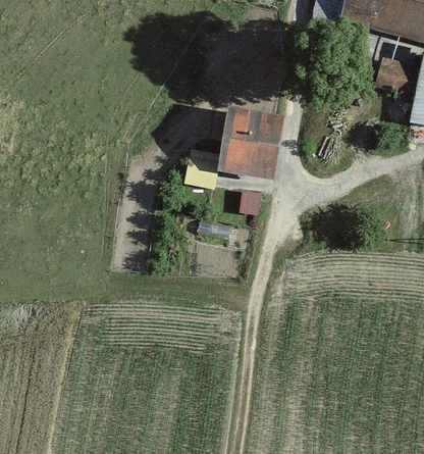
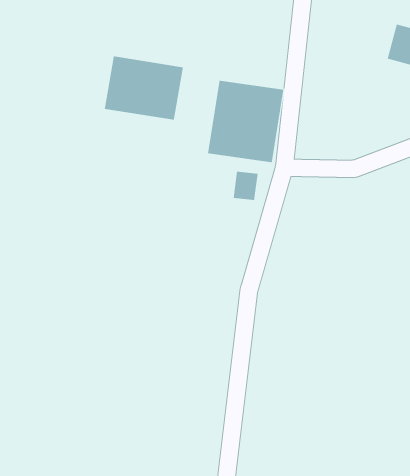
building: none -> [104,56,184,120]

